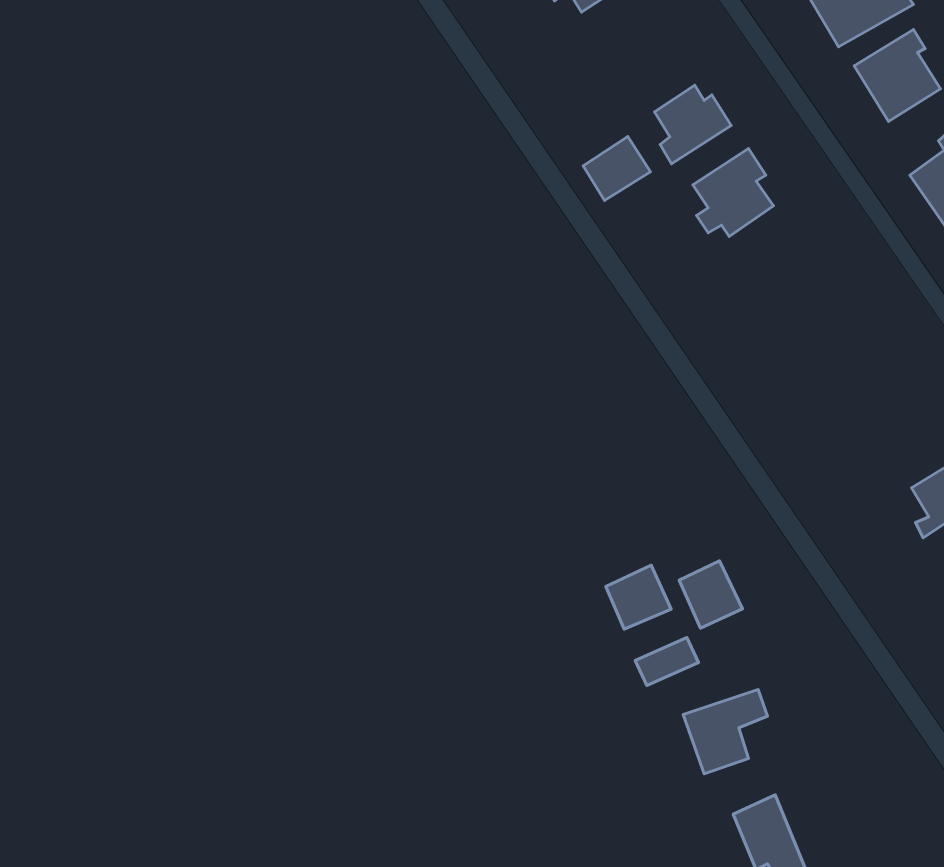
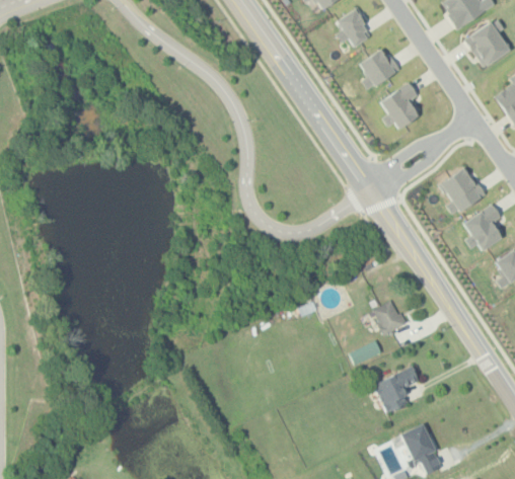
building: none -> [337,8,371,46]
building: [583,136,651,200] -> none
building: none -> [441,165,486,215]
building: none -> [463,203,507,250]
building: [606,565,671,629] -> none

